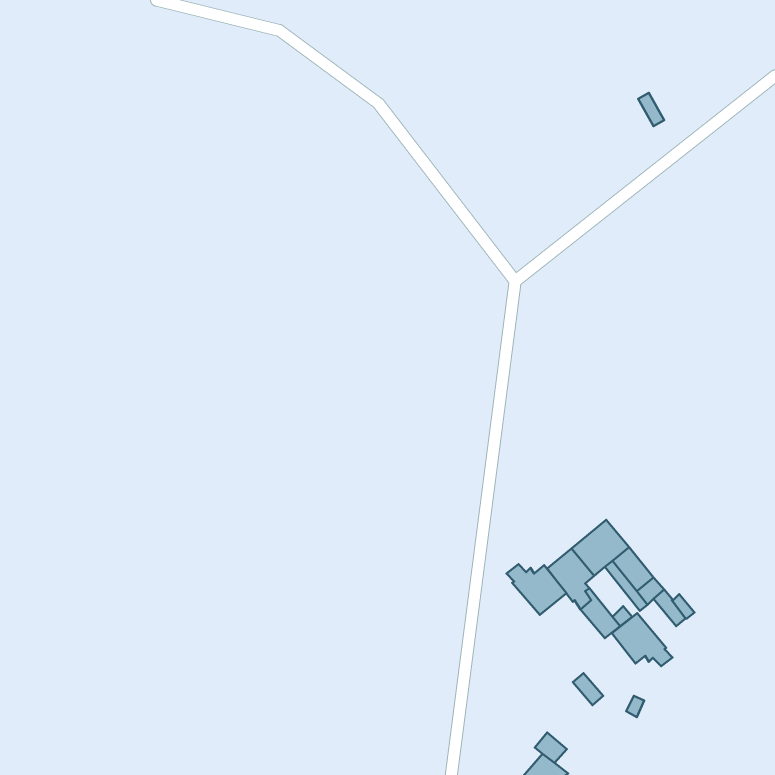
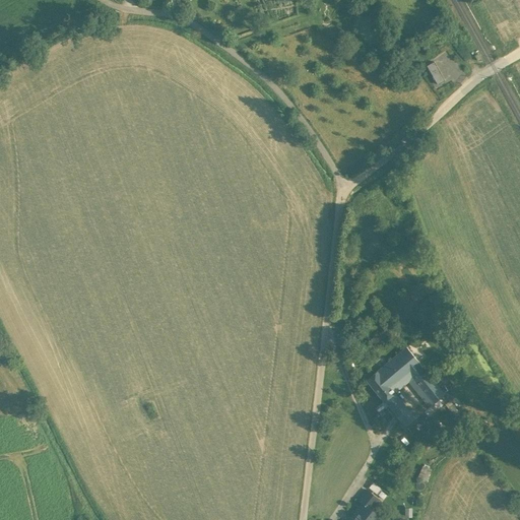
building: [506,564,566,615] -> none
building: [612,613,673,666] -> none

